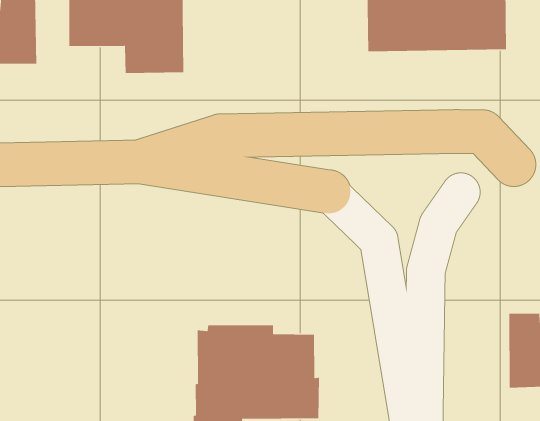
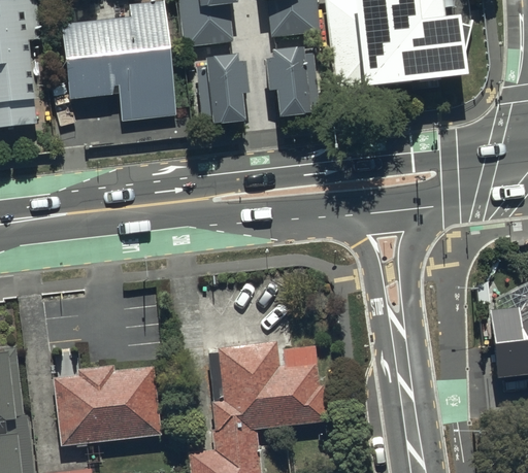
building: none -> [263,56,318,128]
building: none -> [195,65,245,134]
building: none -> [54,362,162,442]

